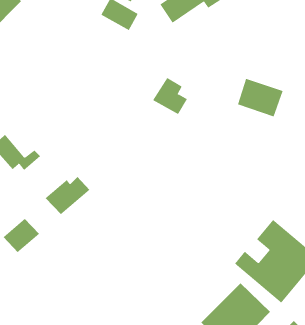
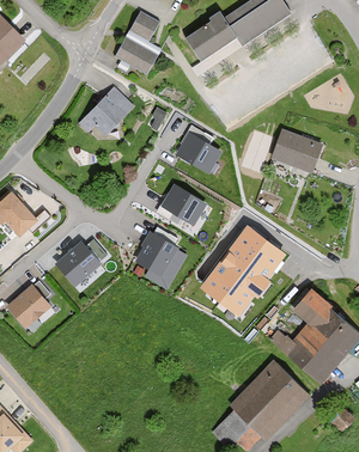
building: none -> [85,87,135,139]
building: none -> [159,184,206,226]
building: none -> [199,226,284,316]
building: none -> [133,232,185,289]

